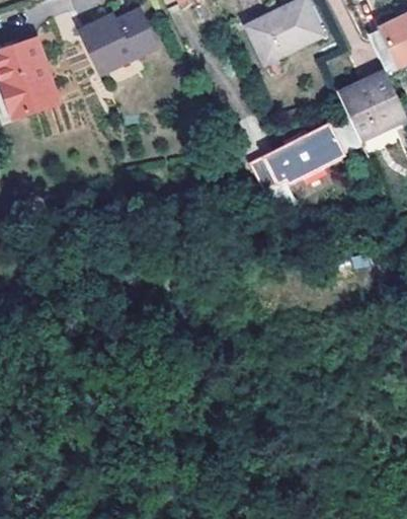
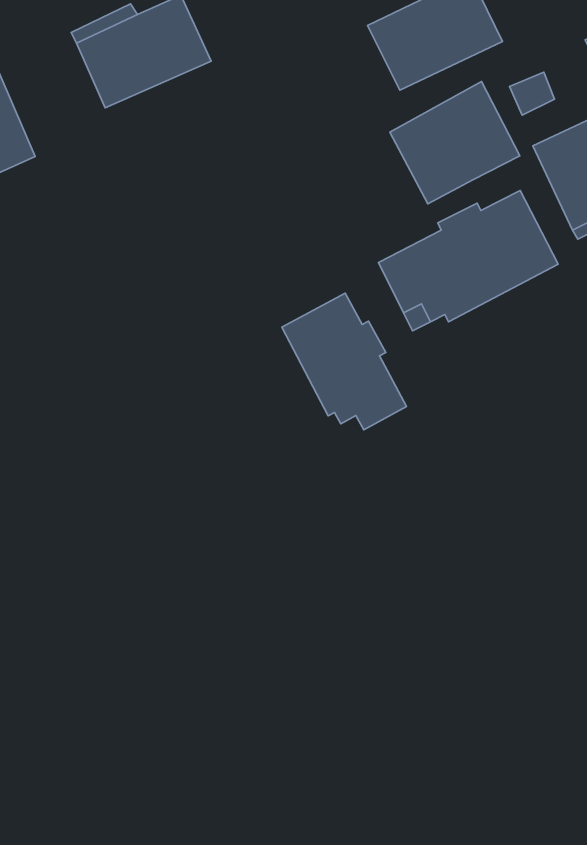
building: none -> [390,81,520,204]
building: none -> [282,293,407,430]

